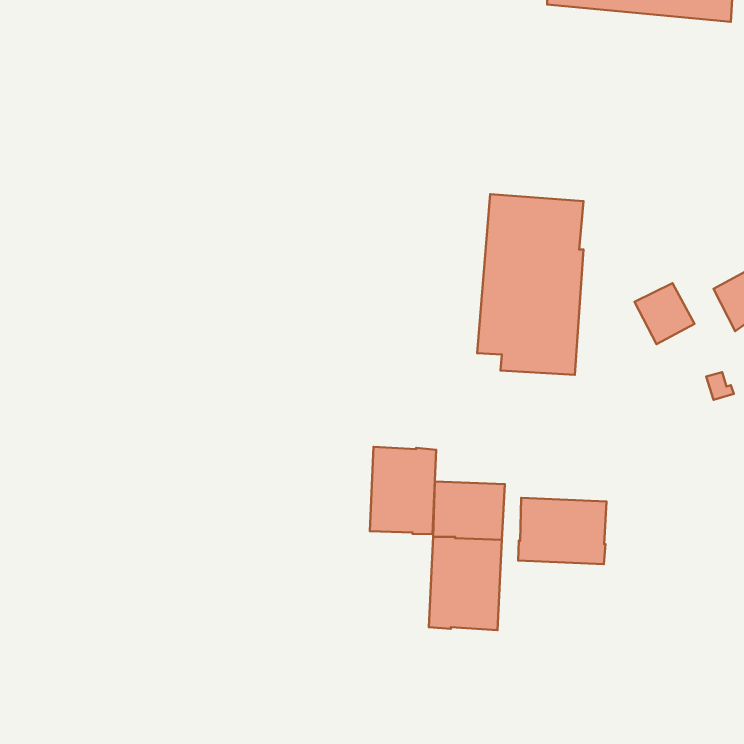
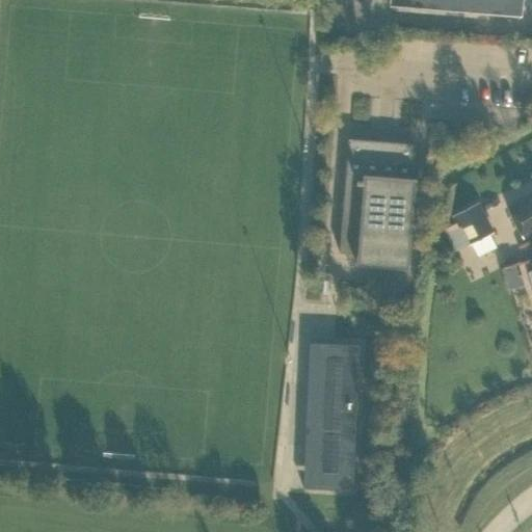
building: [370,447,436,534] -> none
building: [518,498,607,564] -> none
building: none -> [304,447,355,488]

